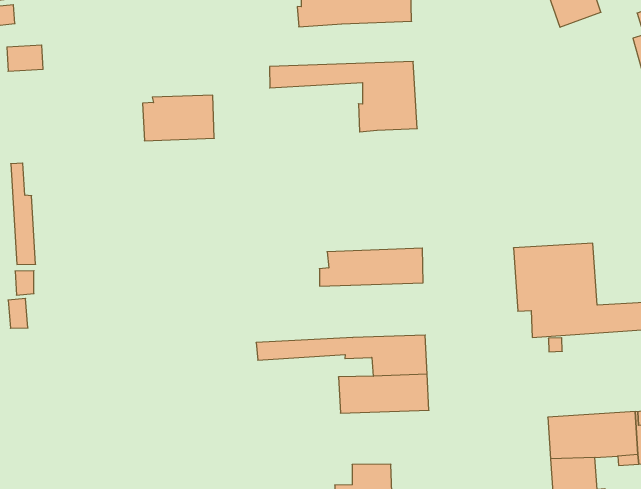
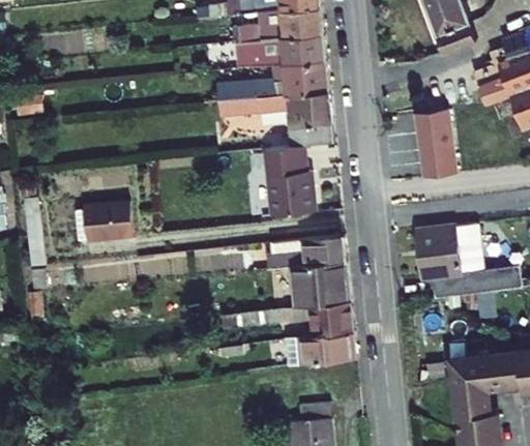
building: none -> [215,59,328,100]
building: none -> [412,109,459,179]
building: [143,95,214,141] -> [75,202,131,240]
building: none -> [264,145,315,215]
building: none -> [290,261,350,306]

